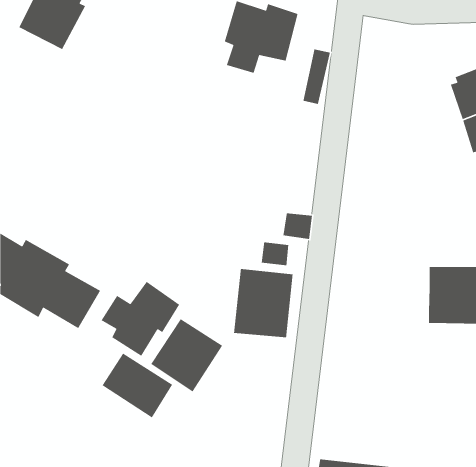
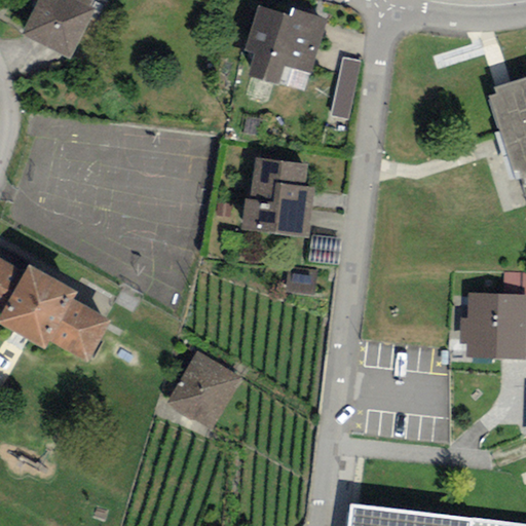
building: none -> [240,157,313,238]
building: [233,268,293,338] -> none
building: [101,281,180,357] -> none
building: [101,352,173,418] -> none

